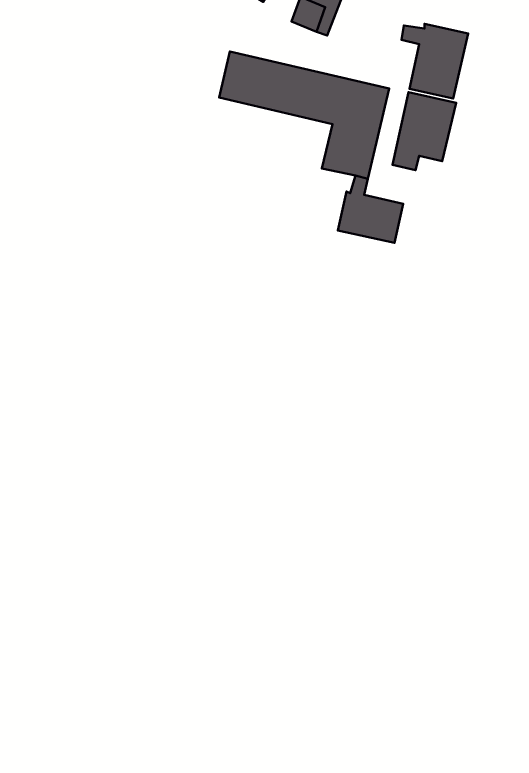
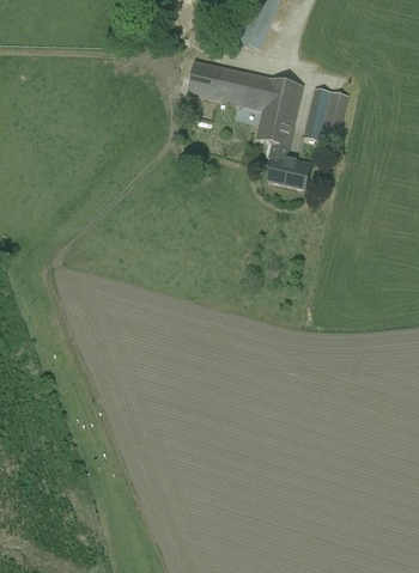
building: [401,24,468,99] -> none

